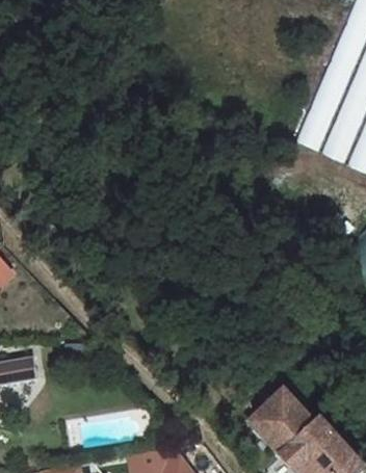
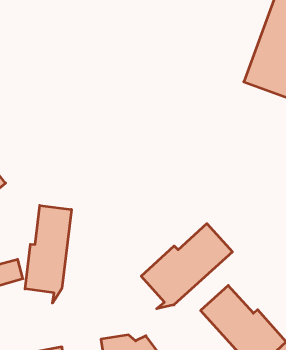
building: none -> [25,205,71,303]
building: none -> [141,224,232,309]

